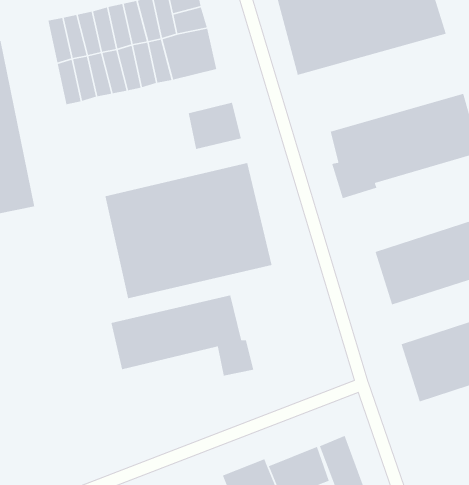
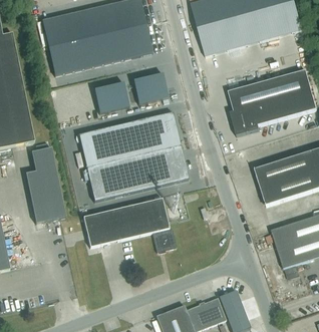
building: none -> [94,82,129,113]
building: none -> [26,147,66,223]

